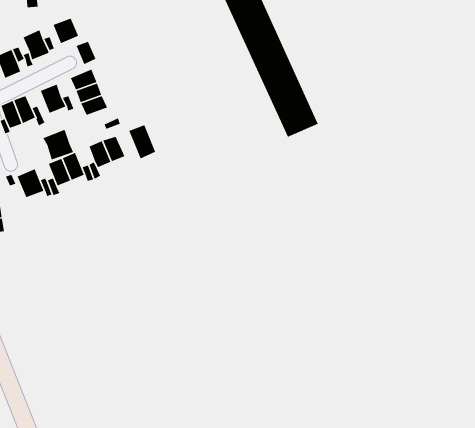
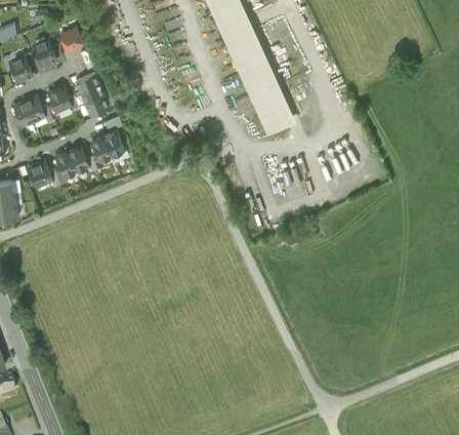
building: [128,124,156,159] -> none
building: [42,129,74,160] -> none

